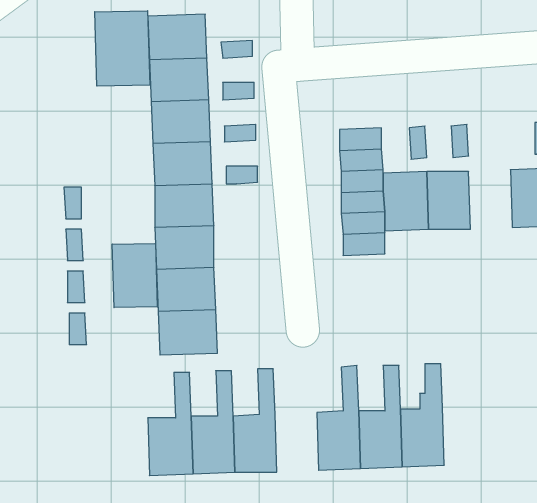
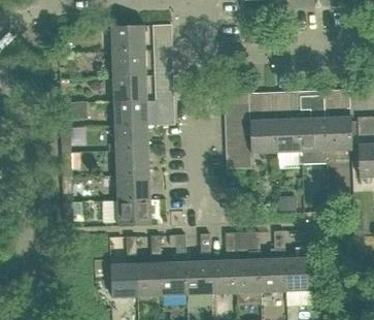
building: [95,11,150,86] -> none
building: none -> [300,90,326,163]
building: [112,243,157,308] -> none
building: none -> [284,230,311,291]
building: none -> [185,233,211,295]

